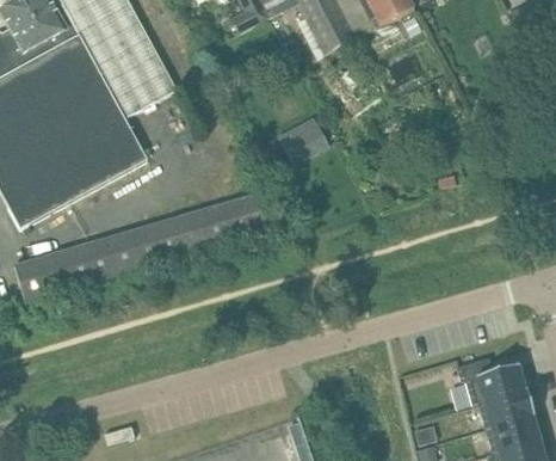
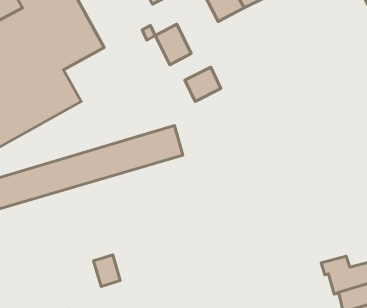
building: none -> [155,24,191,65]
building: none -> [94,255,120,287]

